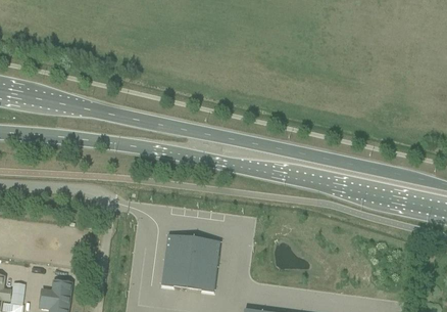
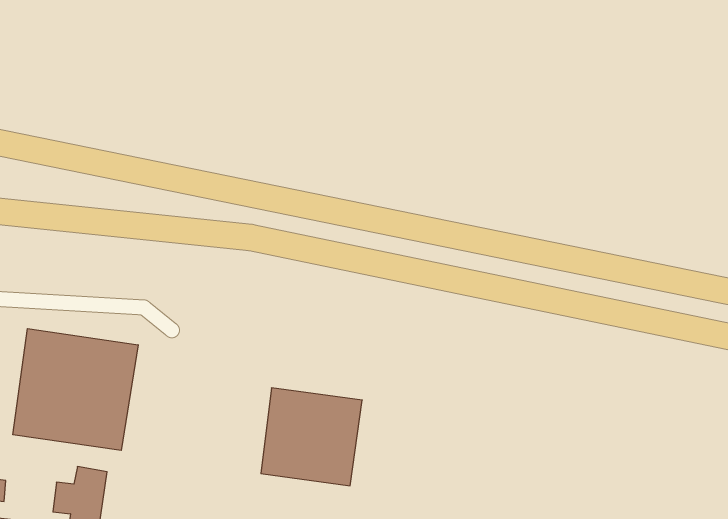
building: none -> [13,329,138,450]

